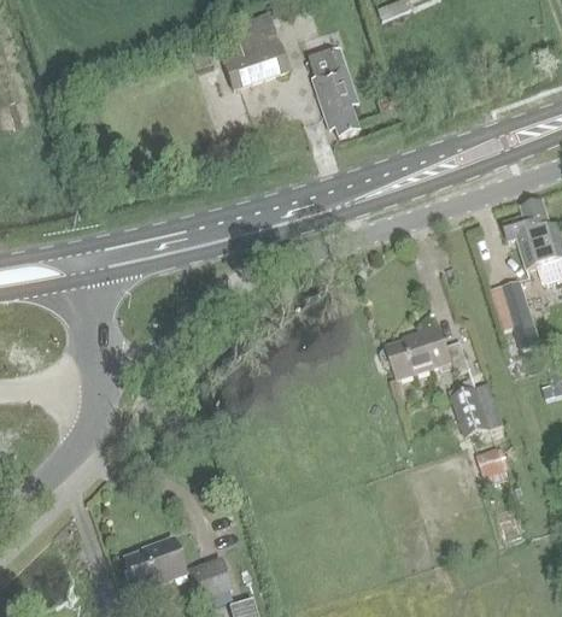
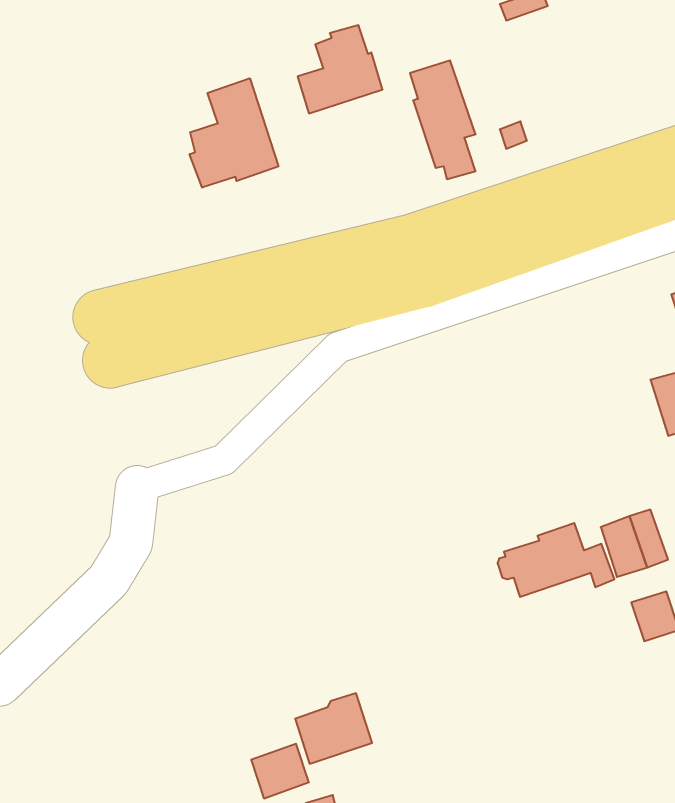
building: none -> [190,78,278,188]
building: [380,324,468,380] -> [497,523,614,597]
building: [125,537,183,590] -> [295,693,372,764]

